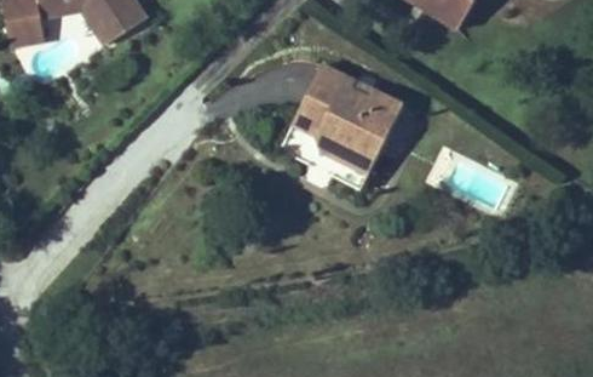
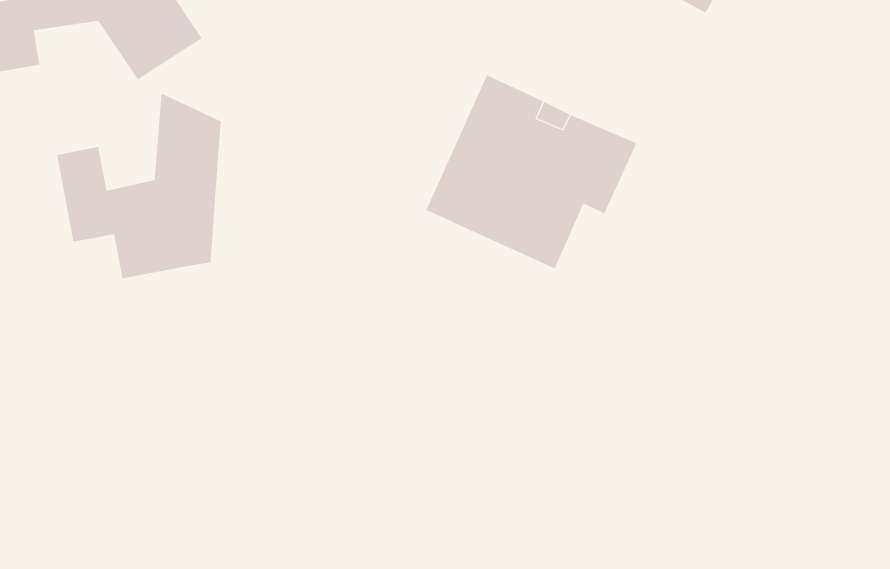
building: none -> [57,93,221,279]

